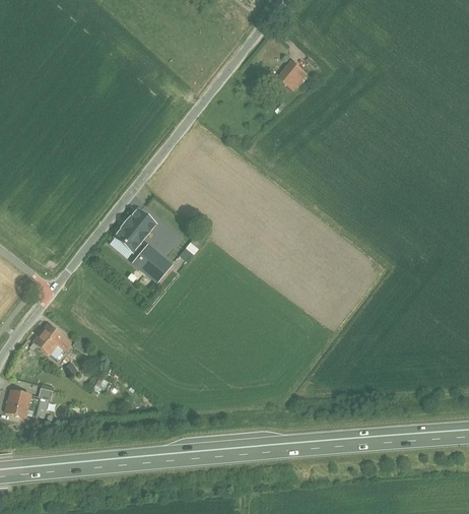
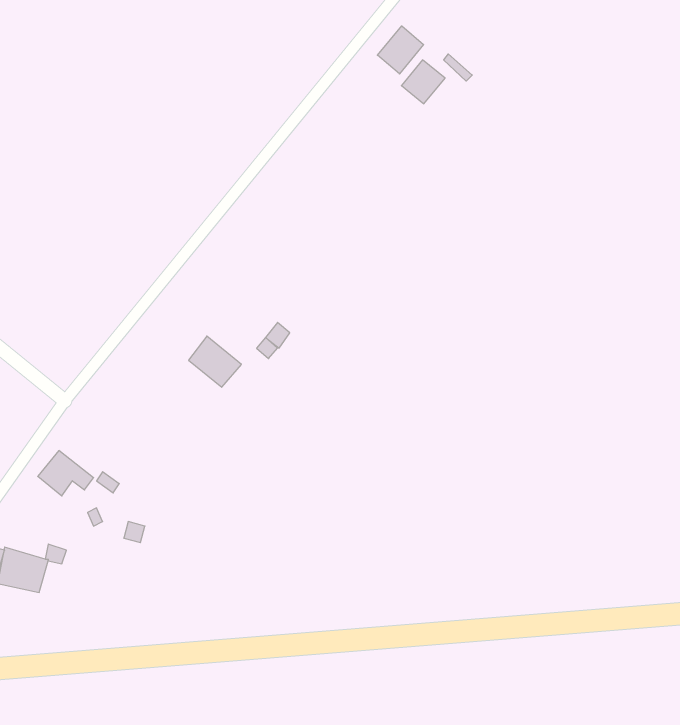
building: none -> [377,26,424,74]
building: [116,208,155,250] -> none

